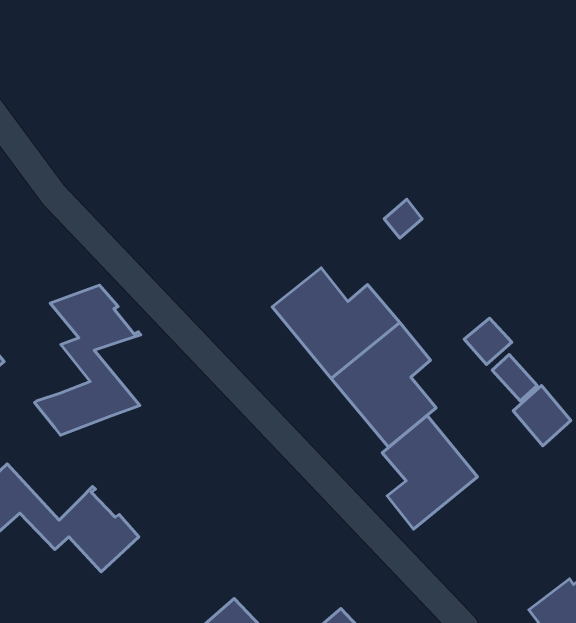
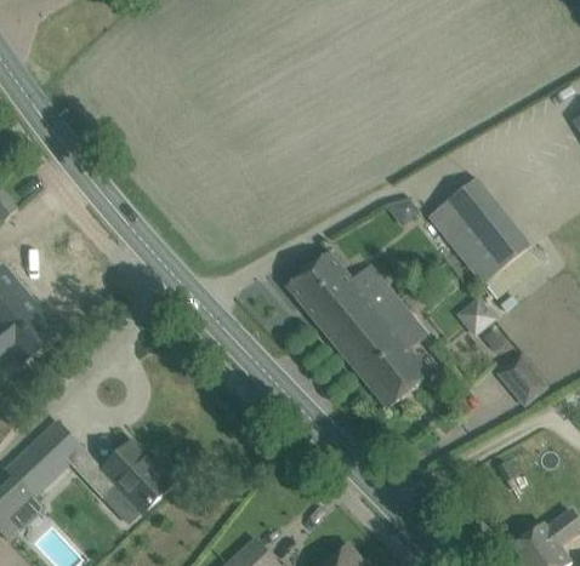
building: none -> [421,178,530,285]
building: [35,285,141,435] -> none
building: [382,415,477,529] -> none

